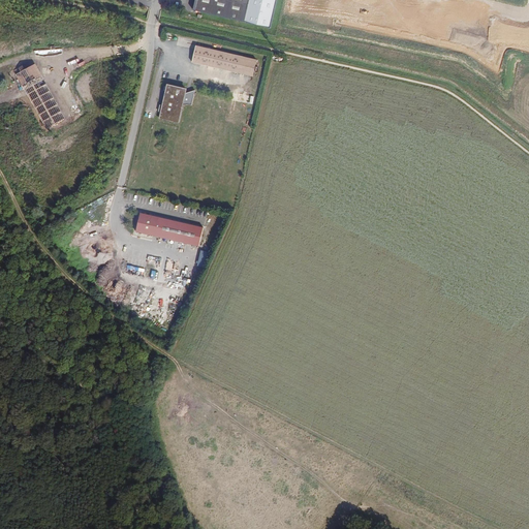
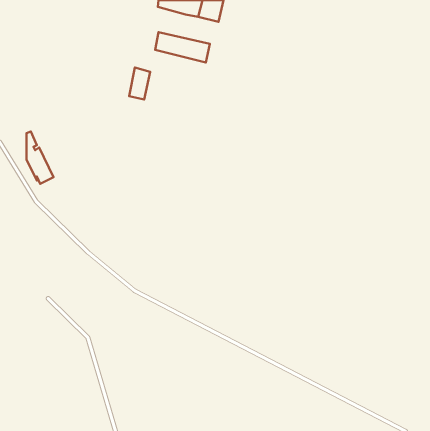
building: [31,64,64,128] -> [27,132,54,184]
building: [135,214,203,246] -> none

